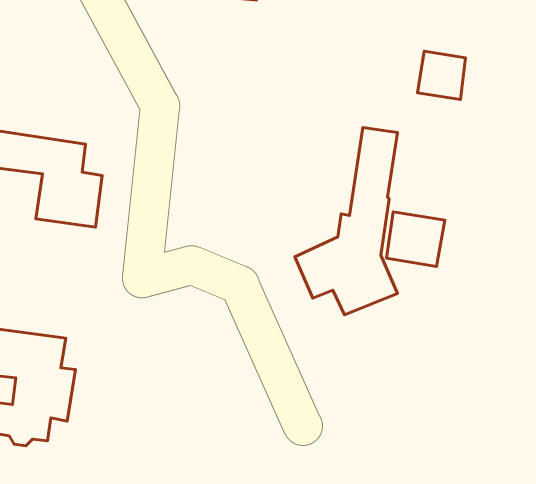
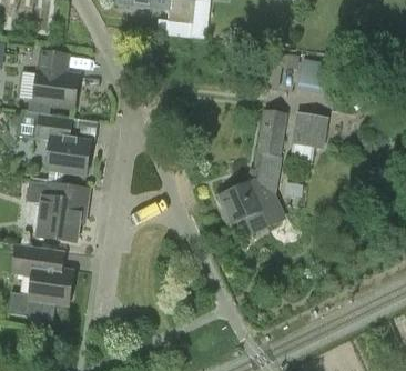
building: none -> [32,51,78,108]
building: [387,212,445,266] -> [290,112,328,149]
building: none -> [26,181,82,242]

